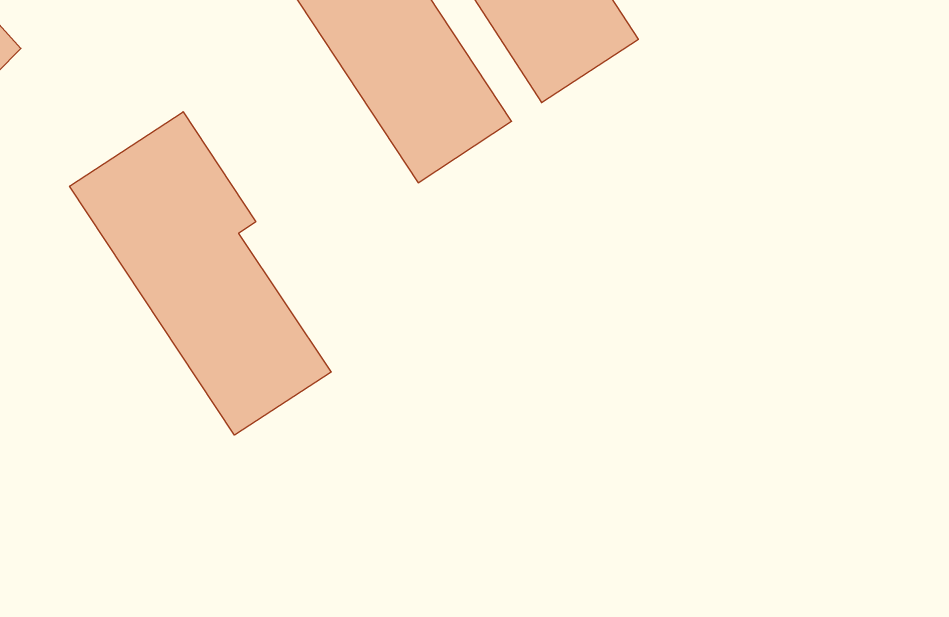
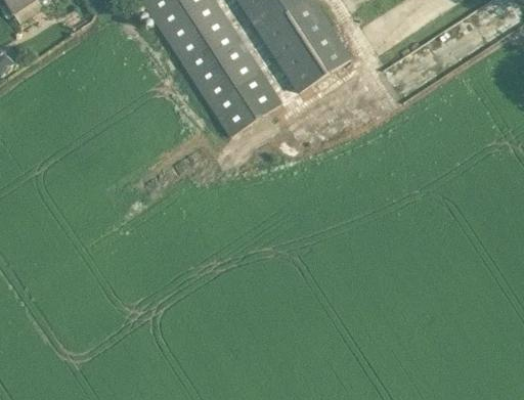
building: [70,112,331,435] -> none

